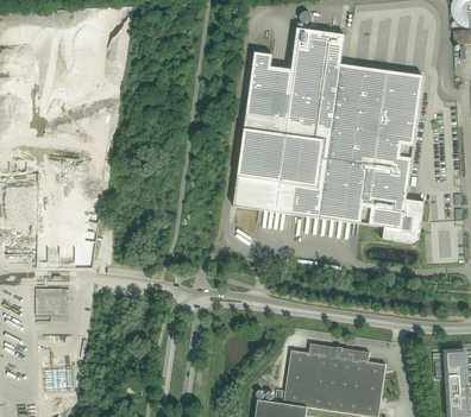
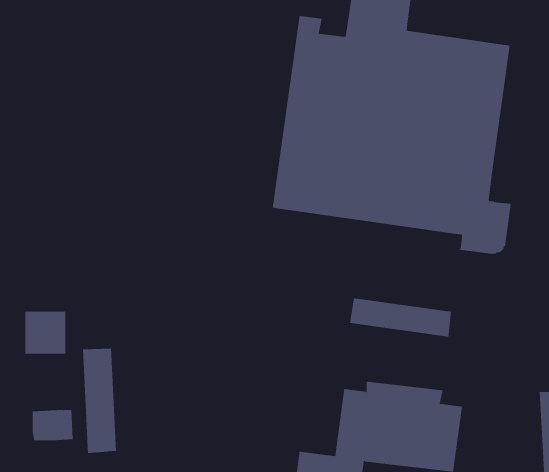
building: none -> [350,297,451,337]
building: none -> [82,348,116,454]

